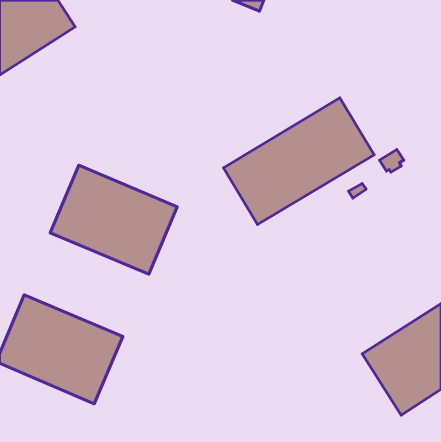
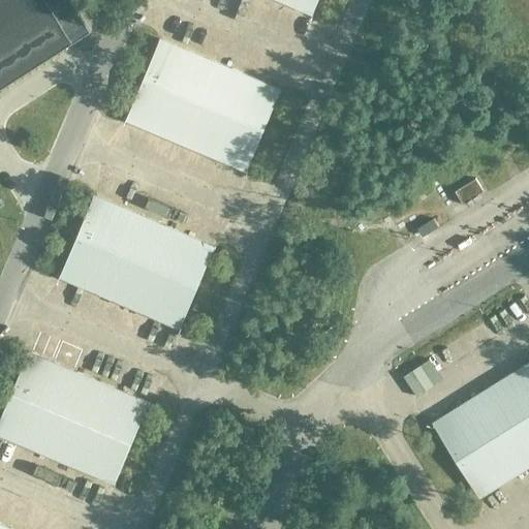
building: none -> [126,40,278,169]
building: [223,98,374,225] -> none

